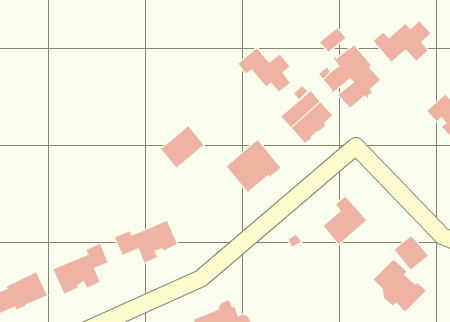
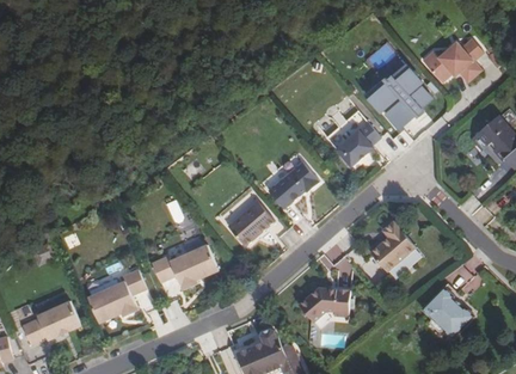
building: [237,47,291,92] -> none
building: [160,125,205,169] -> [227,201,274,246]
building: none -> [296,288,349,323]

